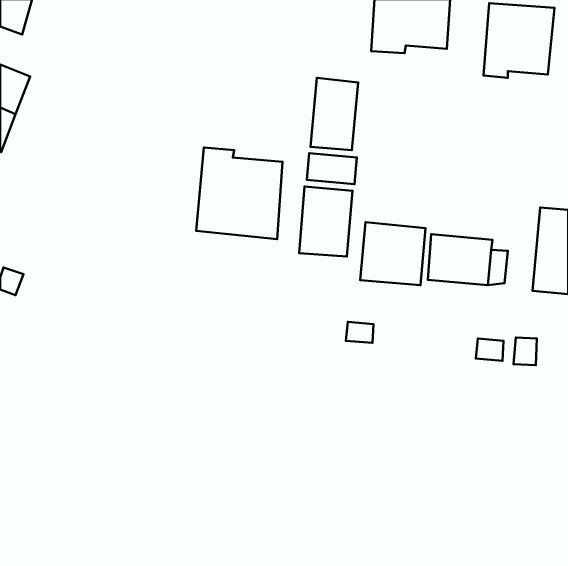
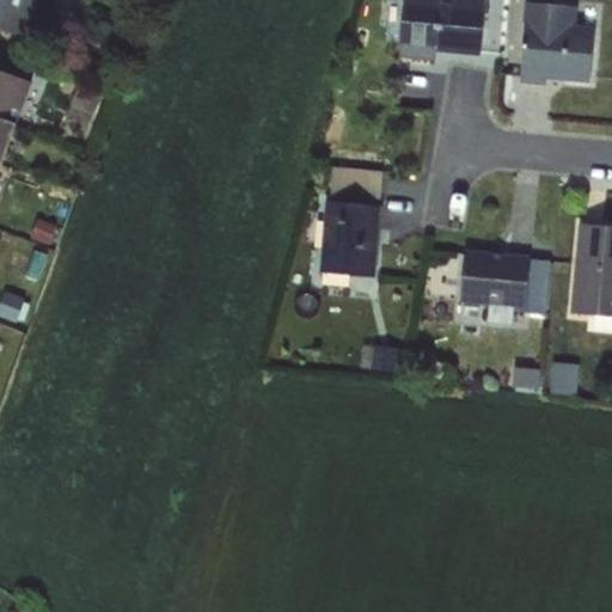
building: [311,78,358,150] -> none
building: [196,148,283,239] -> none
building: [360,222,425,285] -> none

